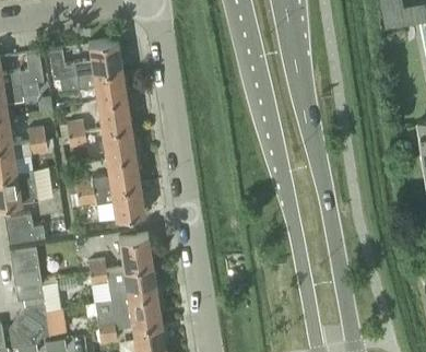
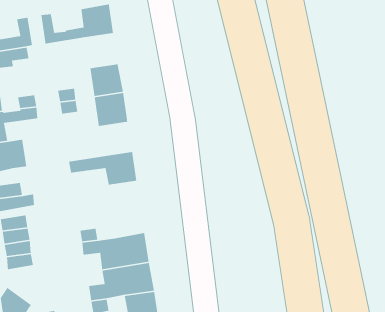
building: [59,69,126,103] -> none
building: [74,156,140,195] -> none
building: [118,235,152,270] -> none
building: [16,304,49,337] -> none

